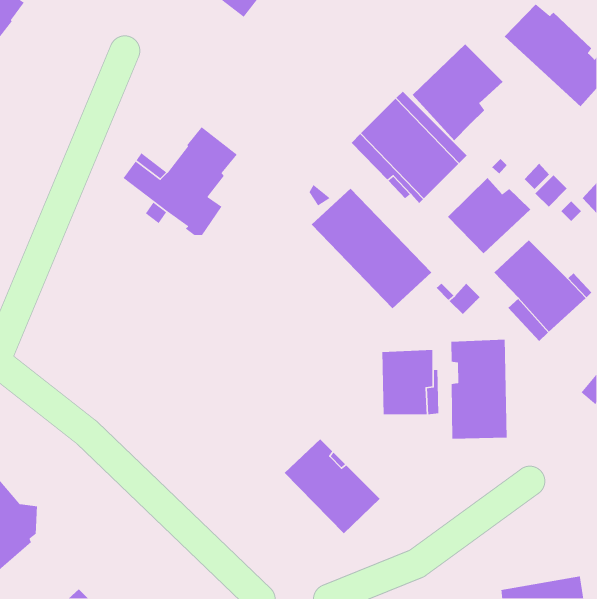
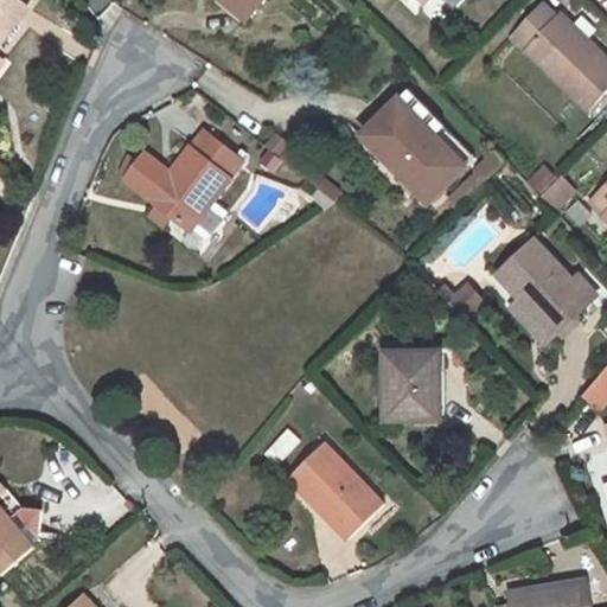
building: [412,43,503,141] -> none
building: [447,177,531,254] -> none
building: [311,188,432,309] -> none
building: [451,339,507,439] -> none

